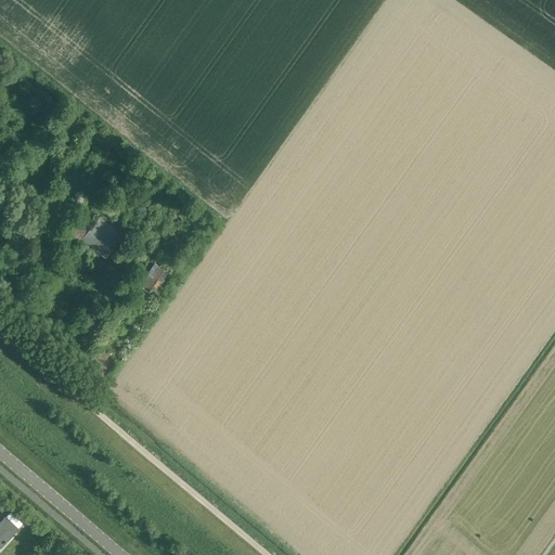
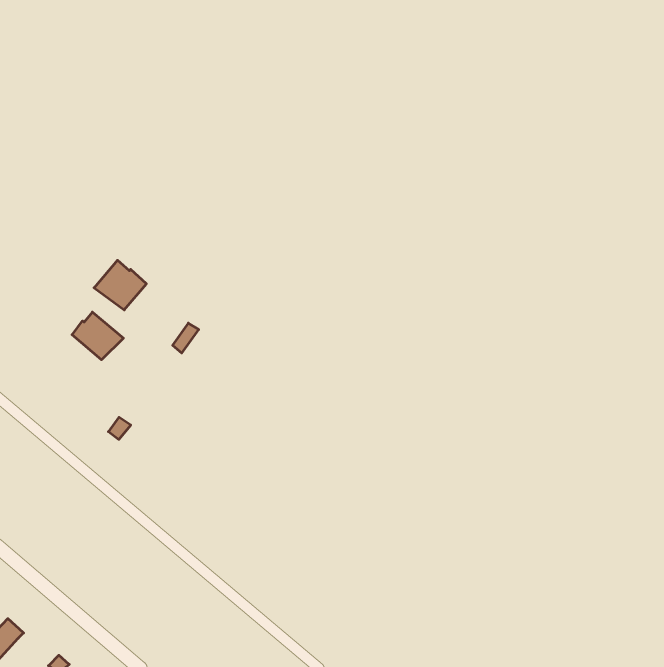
building: none -> [72,312,123,360]

